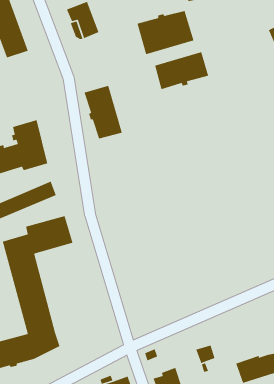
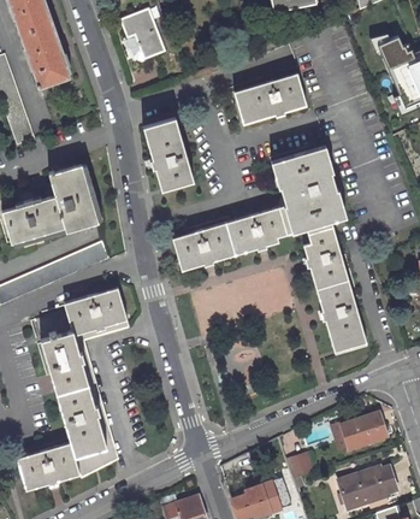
building: [136,10,195,55] -> none
building: none -> [172,147,367,352]
building: none -> [336,414,379,449]

